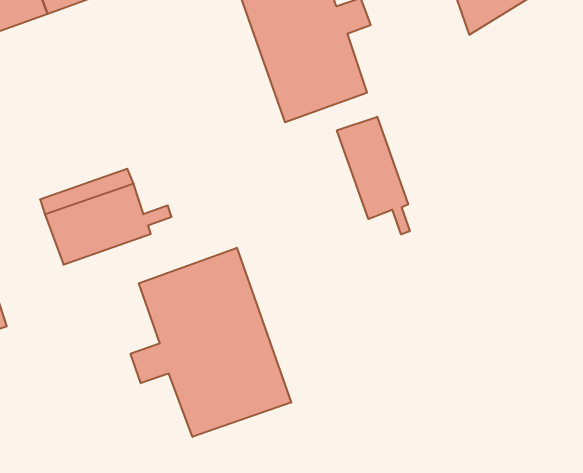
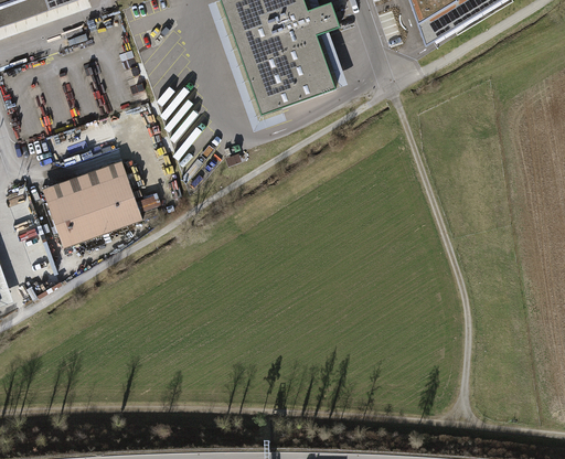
building: [337,117,410,234] -> none
building: [131,248,291,437] -> none

